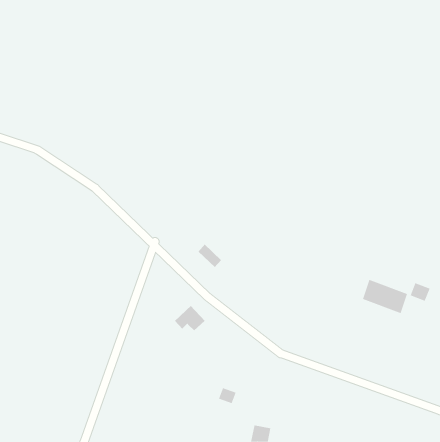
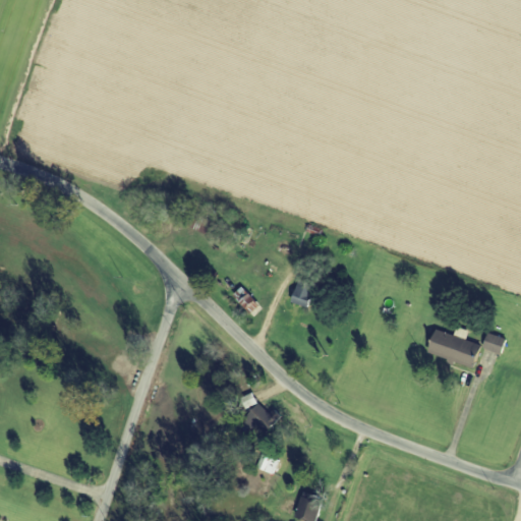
building: none -> [289,279,313,307]
building: [174,305,205,331] -> [241,401,278,431]

